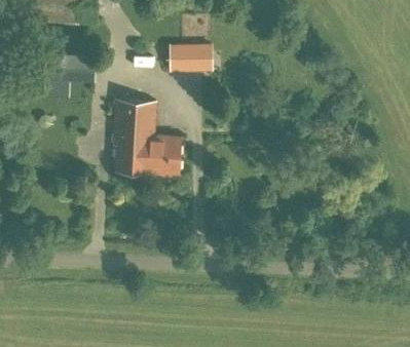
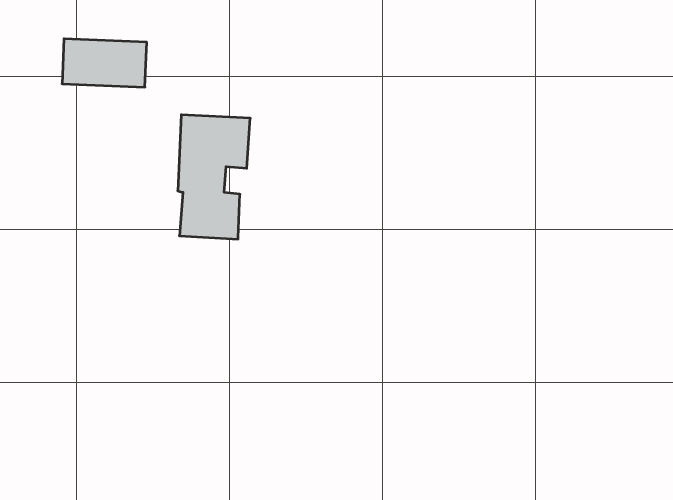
building: [170,43,212,70] -> none
building: [141,103,182,175] -> none

